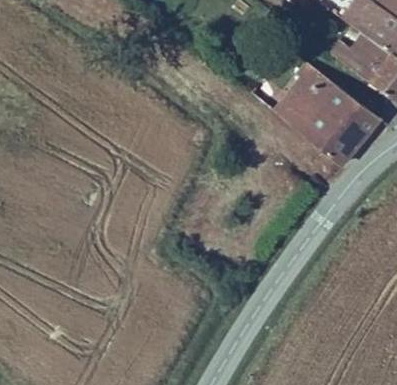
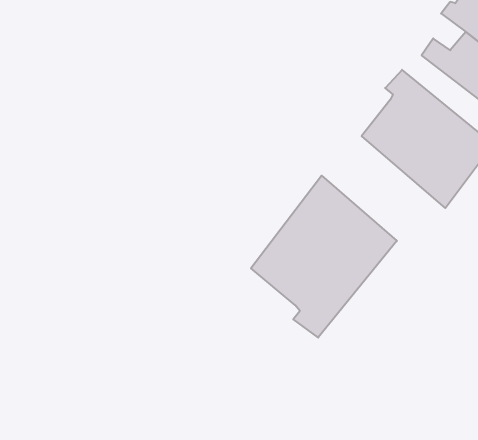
building: none -> [251,176,397,338]

